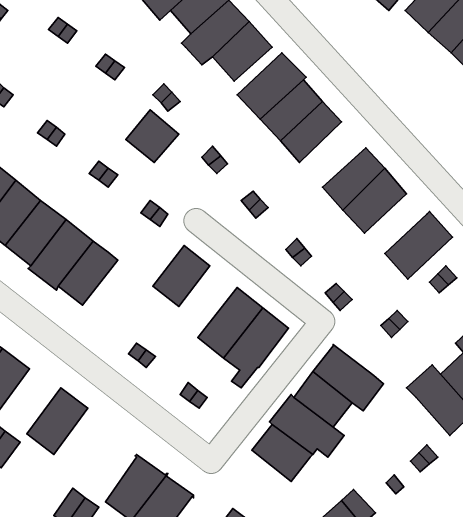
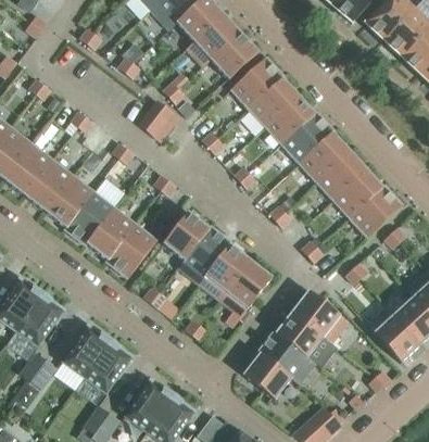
building: none -> [280,111,335,164]
building: none -> [332,169,382,217]
building: none -> [105,223,157,278]
building: none -> [177,225,231,285]
building: none -> [84,341,131,393]

